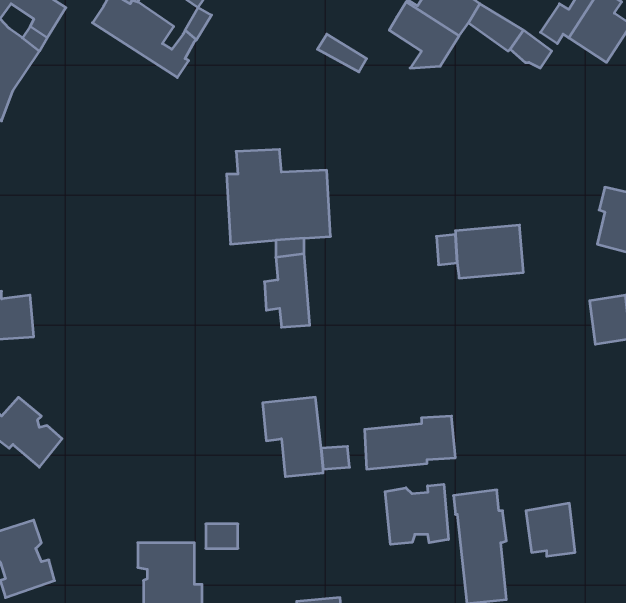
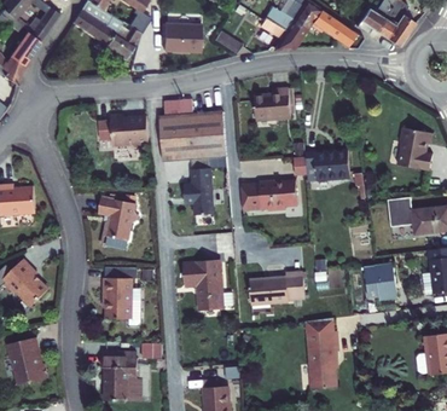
building: none -> [164,21,202,50]
building: none -> [249,88,285,121]
building: none -> [93,114,144,146]
building: none -> [236,180,292,212]
building: none -> [95,199,135,250]
building: none -> [100,277,137,324]
building: [385,484,448,544] -> none
building: [526,503,575,556] -> [362,265,394,299]

